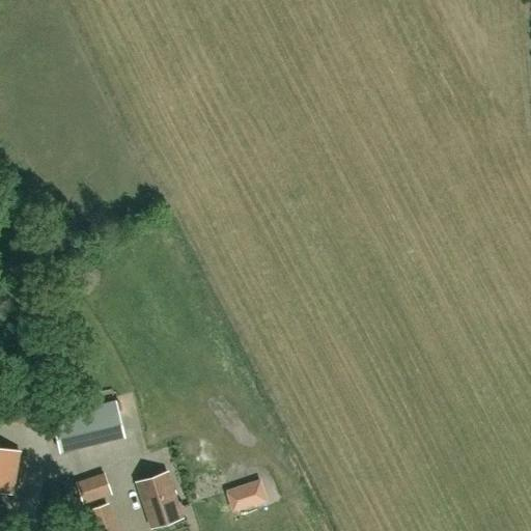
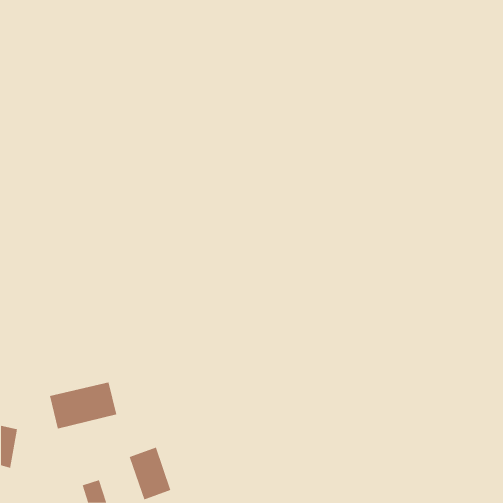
building: [77,474,110,502] -> none
building: [226,479,266,510] -> none

